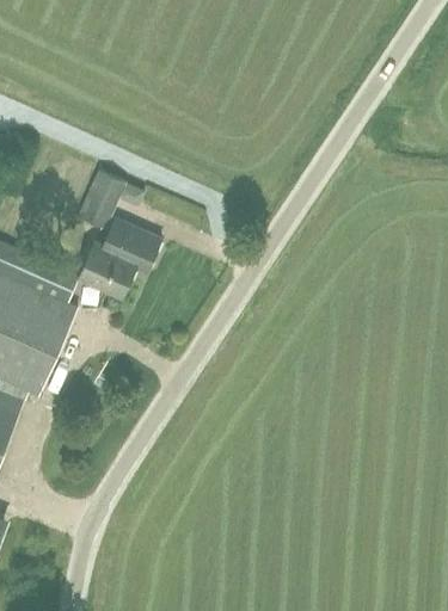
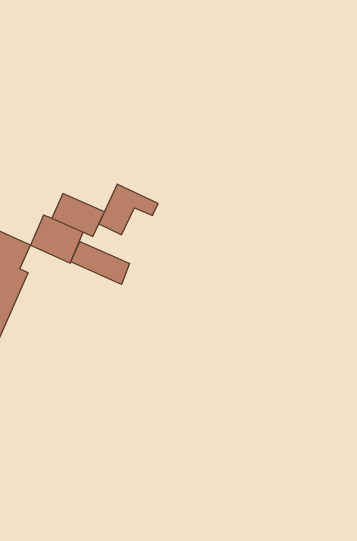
building: [79,172,145,228] -> [99,184,158,235]
building: none -> [71,242,130,284]

